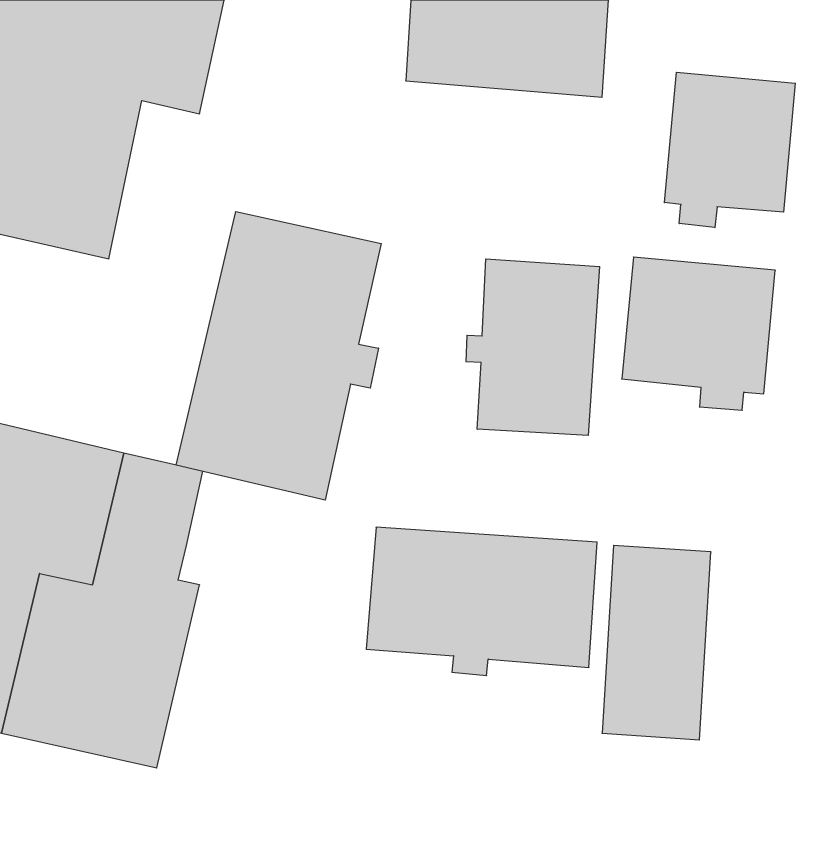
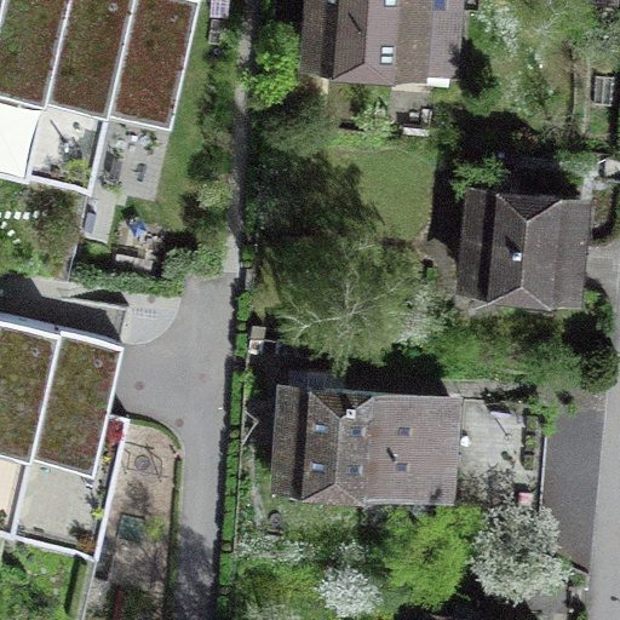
building: [664,72,795,228] -> none
building: [176,212,381,500] -> none
building: [466,259,600,435] -> none

